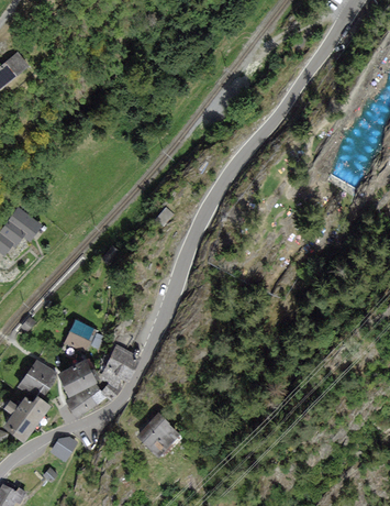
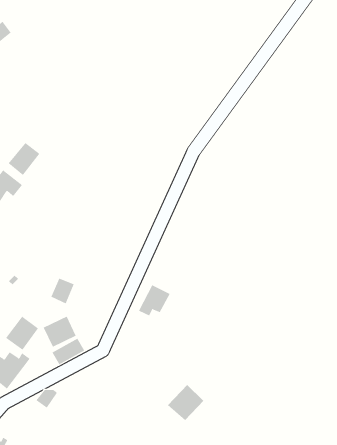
building: none -> [8,142,40,176]
building: [102,347,136,380] -> [138,285,171,316]
building: [138,415,177,453] -> [167,384,204,421]

